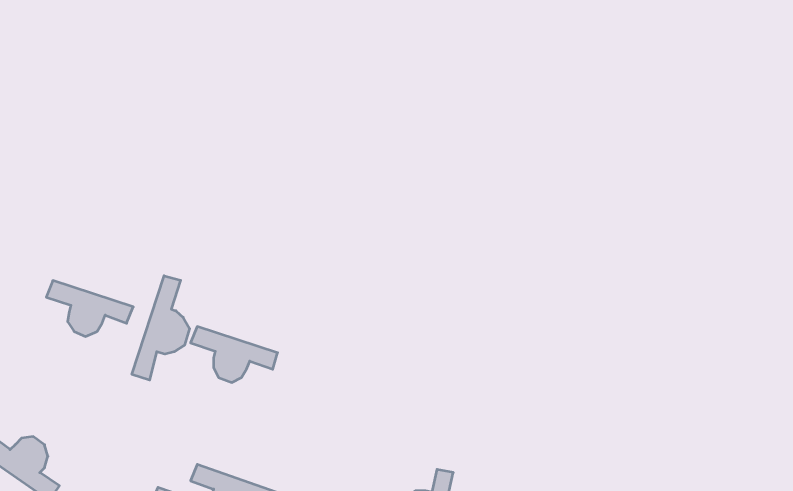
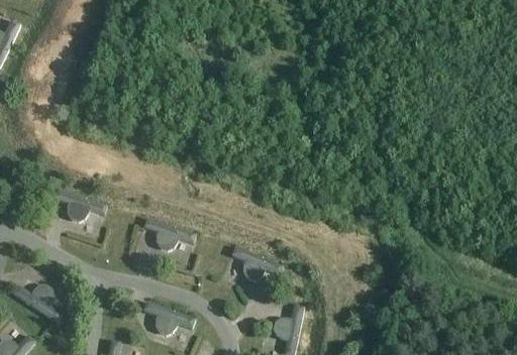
building: [132,276,190,380] -> none
building: none -> [230,246,283,280]

